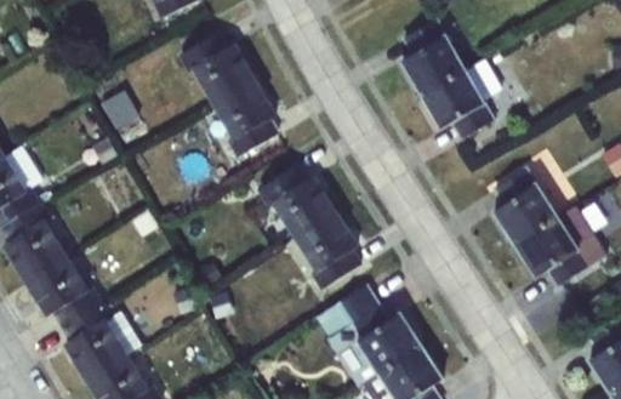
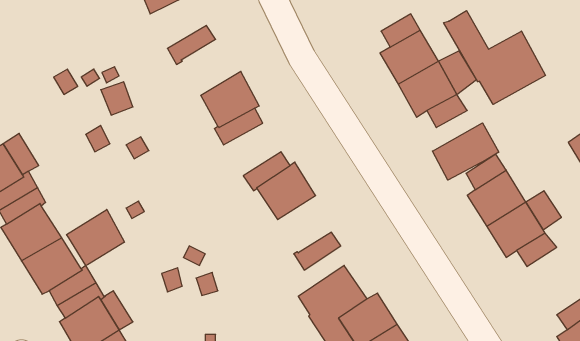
building: none -> [444,11,545,104]
building: [193,45,256,107] -> none
building: none -> [432,123,499,180]
building: [295,212,358,273] -> none
building: none -> [67,209,124,265]

